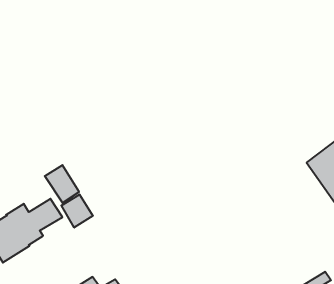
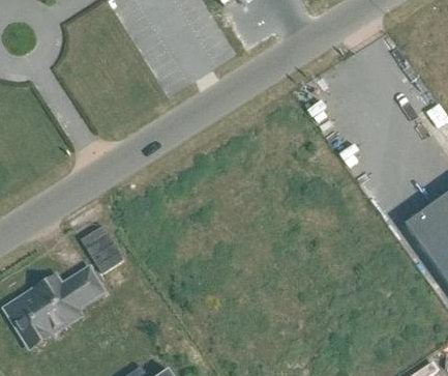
building: [61,194,93,228] -> none

